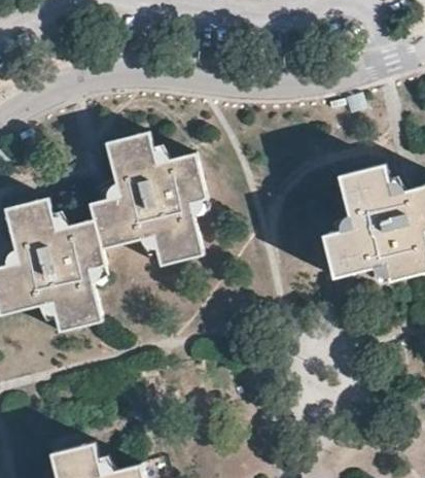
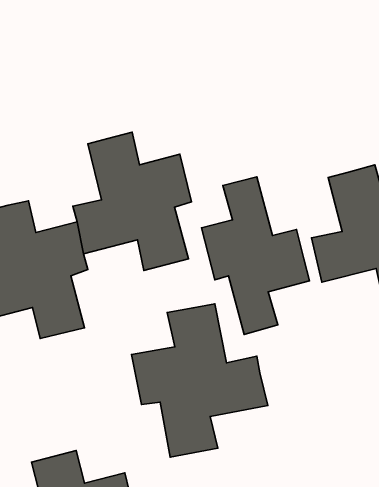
building: none -> [201,177,309,335]
building: none -> [132,304,268,457]

